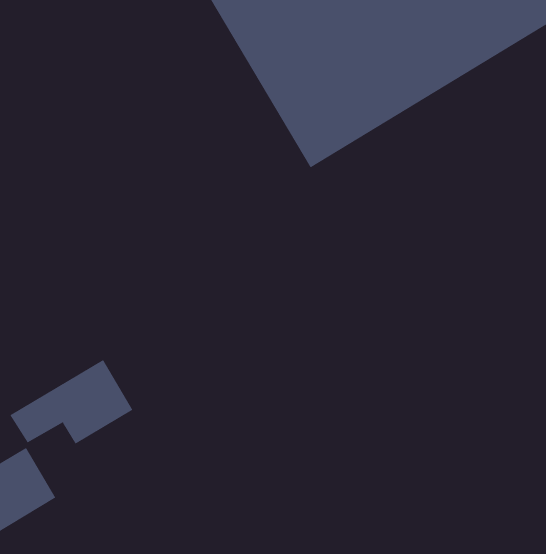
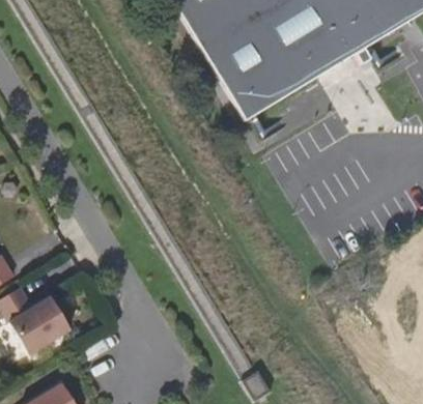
building: [9,359,133,445] -> none

